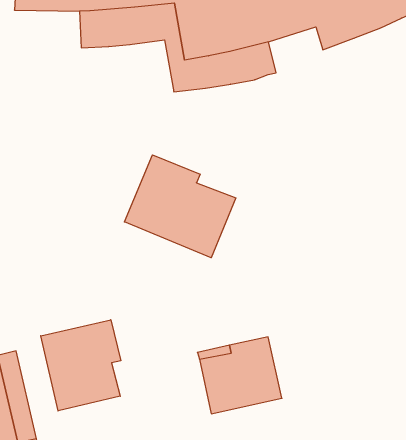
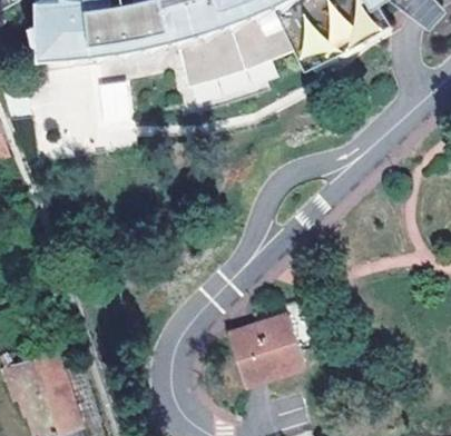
building: [124,155,236,258] -> none
building: [41,320,121,411] -> none

